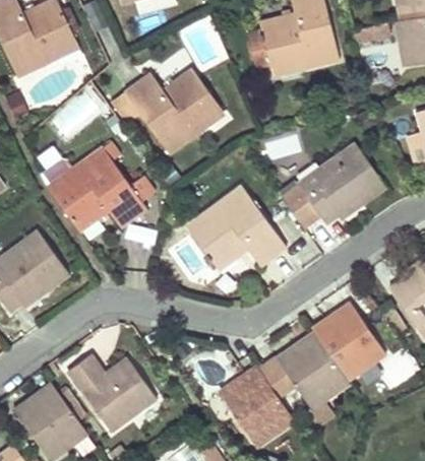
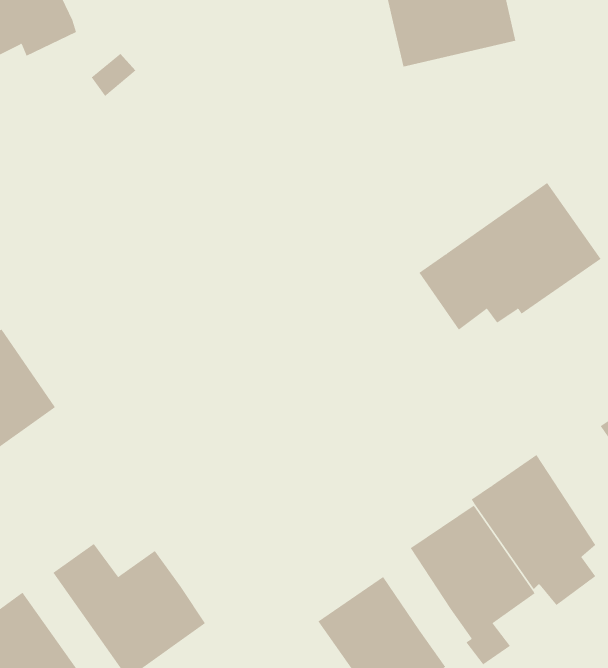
building: [122,67,224,154] -> none
building: [46,145,154,233] -> none
building: [186,185,287,272] -> none
building: [258,355,299,403] -> none

